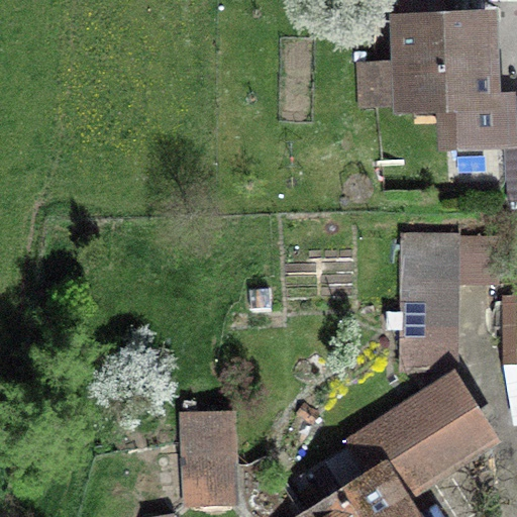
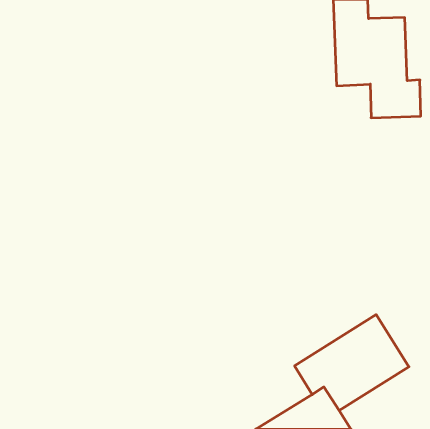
building: [401,233,448,370] -> none
building: [182,412,235,504] -> none

